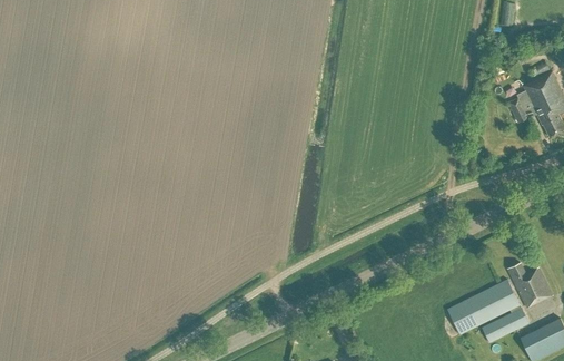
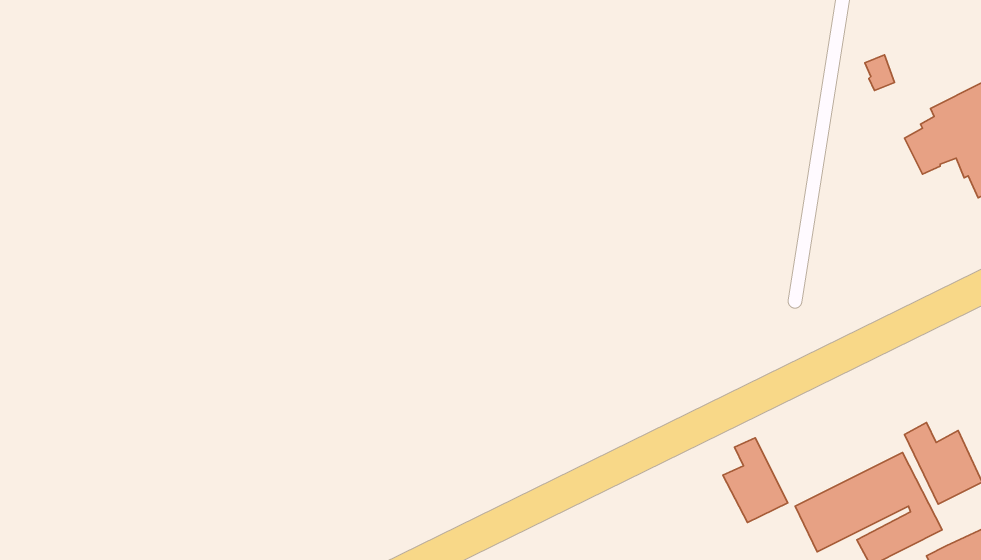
building: none -> [723,438,788,522]

